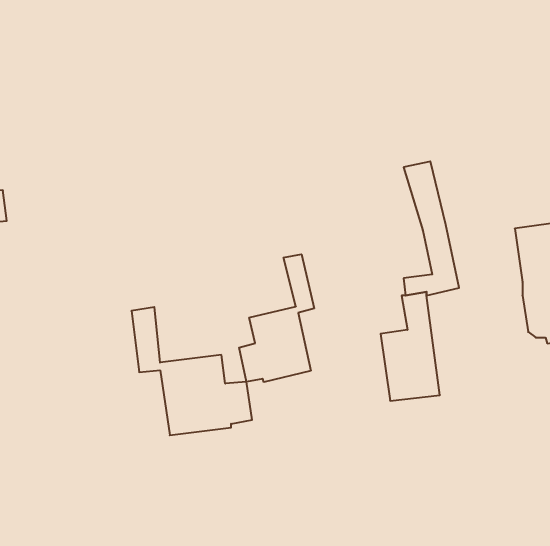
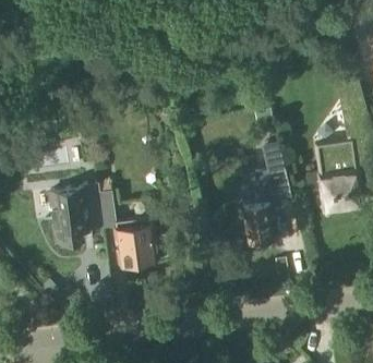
building: [239,254,314,382] -> none
building: none -> [49,186,103,244]

